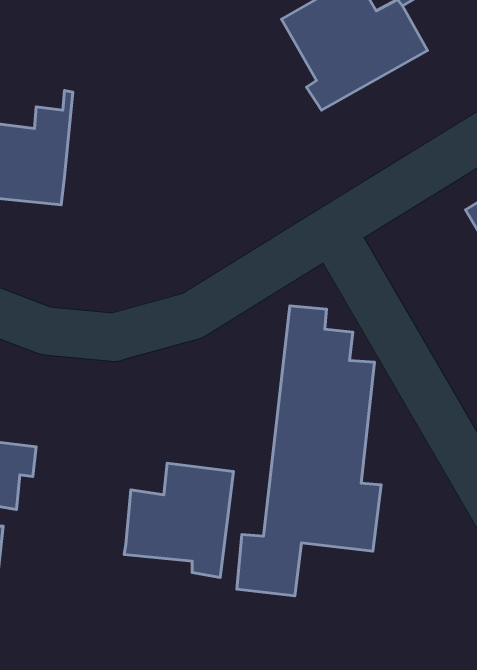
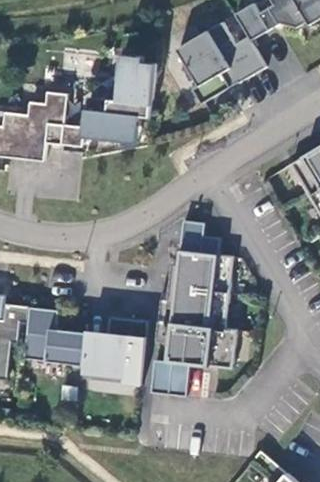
building: none -> [46,54,156,145]
building: none -> [23,302,86,365]

